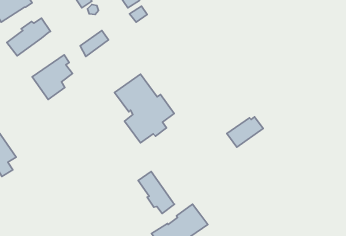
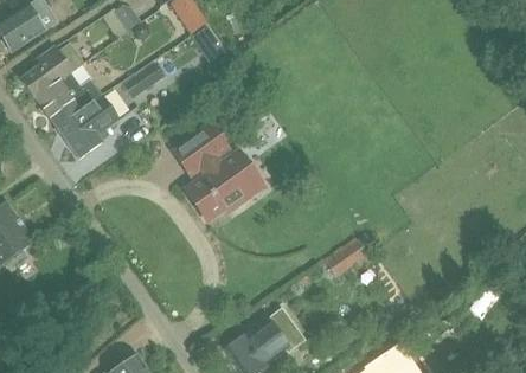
building: none -> [34,72,101,127]
building: [227,117,263,147] -> [323,234,374,277]
building: [138,172,174,213] -> none

